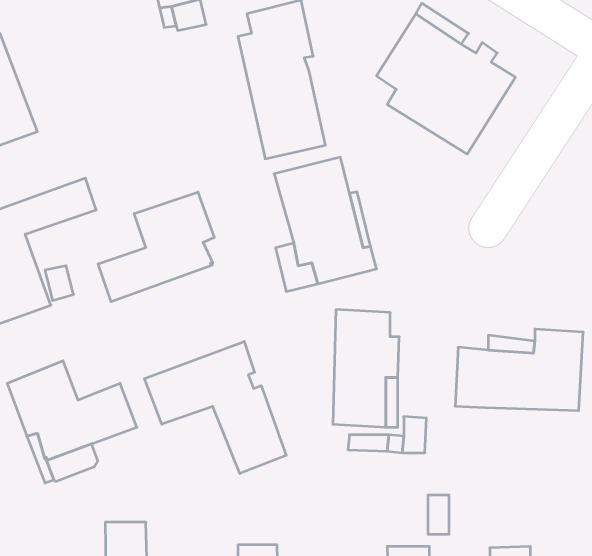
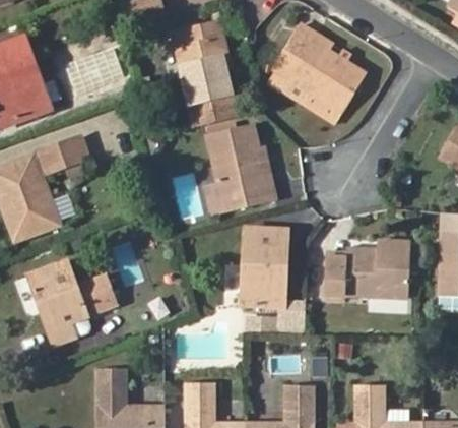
building: [98,192,214,302] -> none
building: [144,341,286,474] -> none

